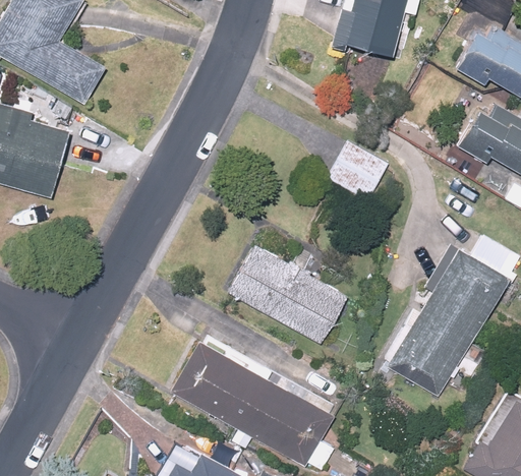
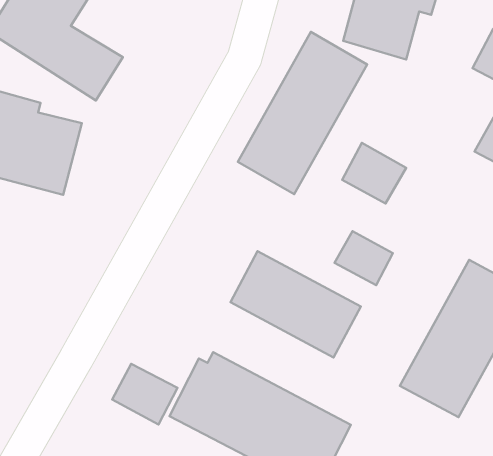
building: none -> [238,32,367,194]
building: none -> [335,231,393,285]
building: none -> [112,364,178,424]

